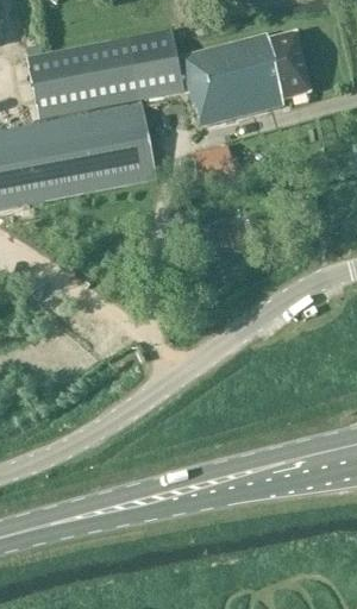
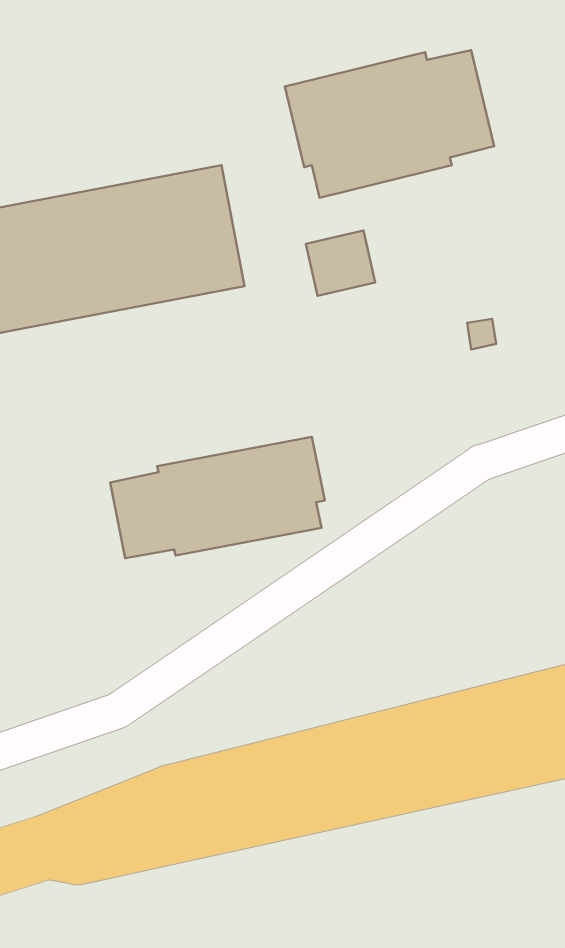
building: [27,29,183,118] -> none
building: none -> [110,437,325,558]

